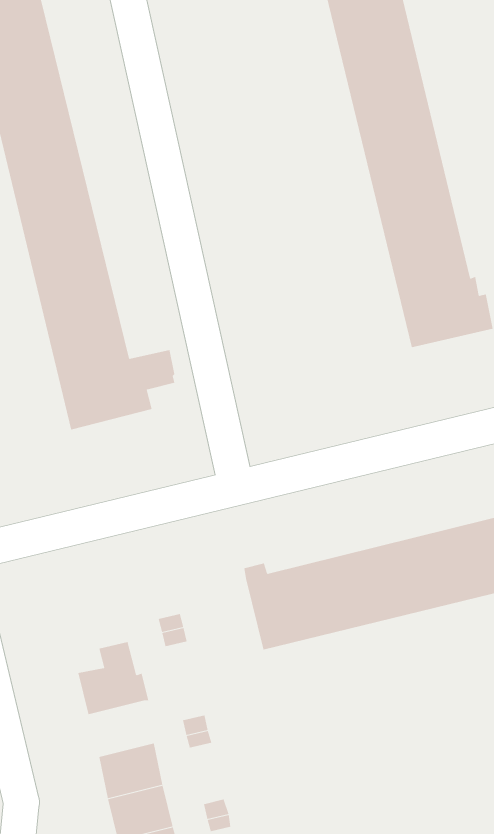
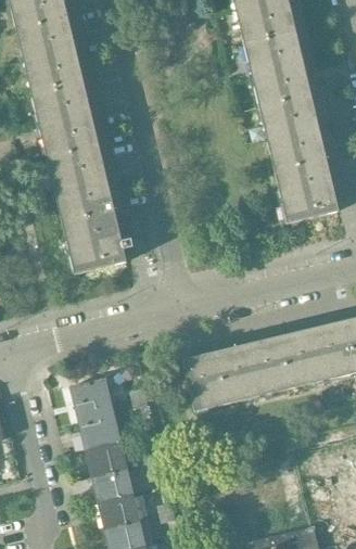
building: none -> [73,375,115,423]
building: none -> [88,441,129,475]

